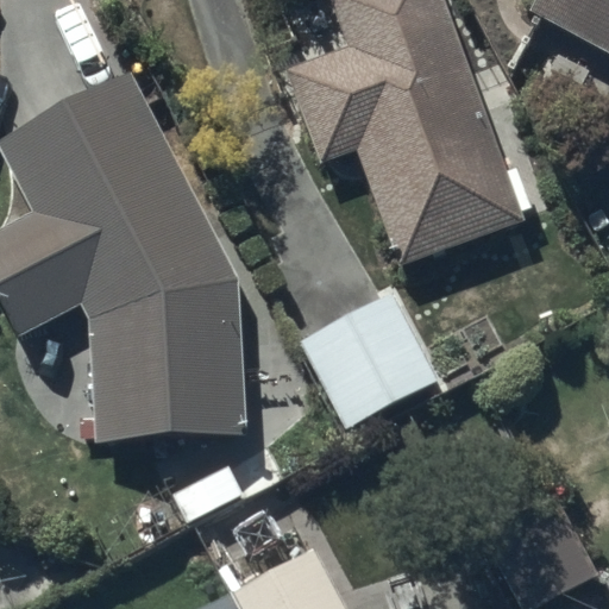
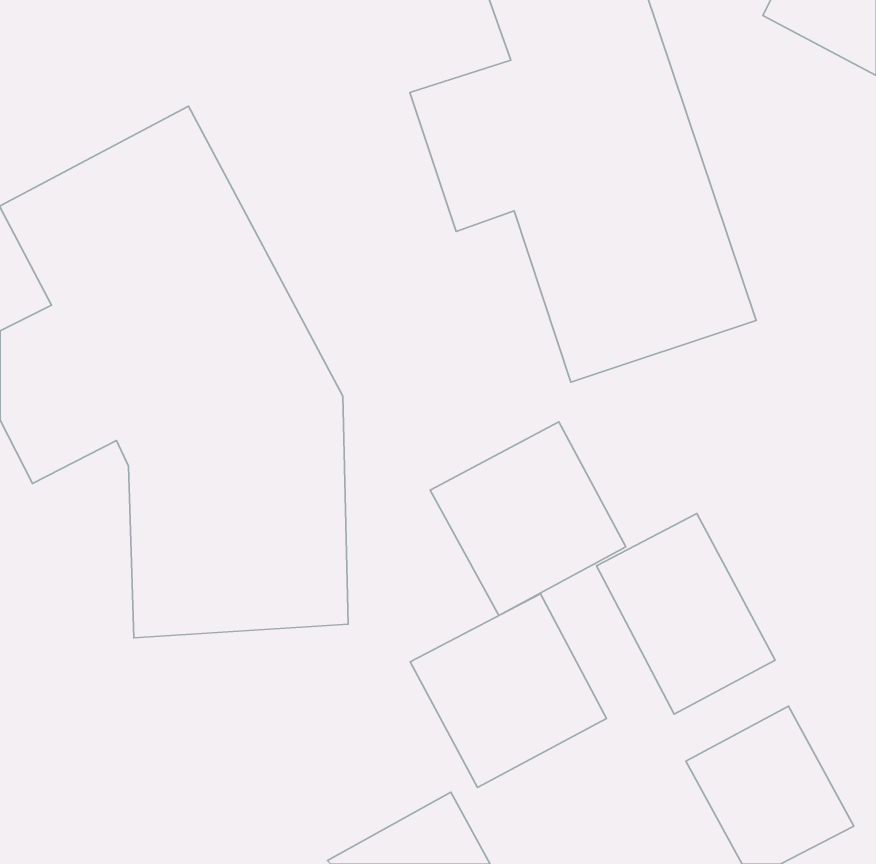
building: none -> [597,513,775,714]
building: none -> [410,594,606,788]

